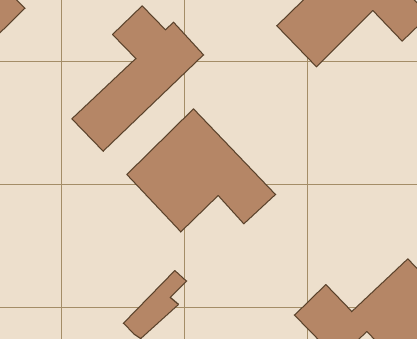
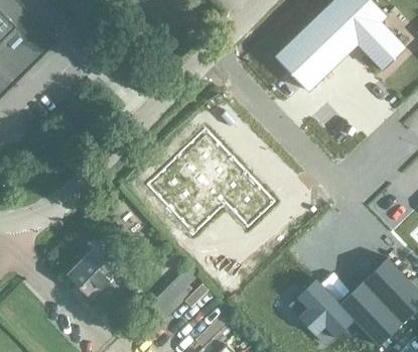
building: [72,6,204,151] -> none
building: none -> [68,248,131,312]

